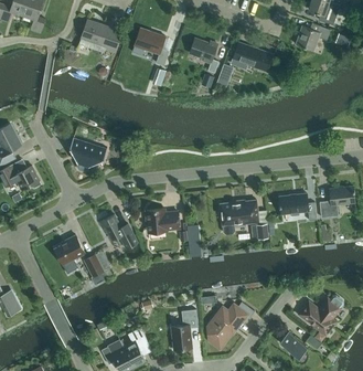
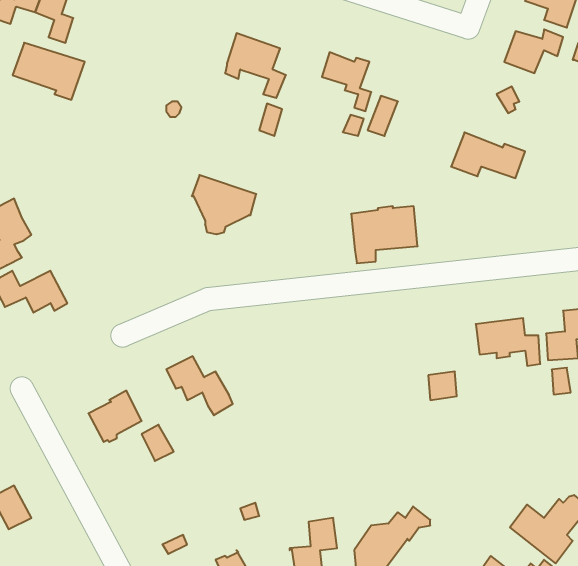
building: [79,19,121,52] -> [13,43,85,100]
building: [229,43,273,70] -> [451,132,525,178]
building: [68,136,106,170] -> [192,175,256,234]
building: [220,199,258,232] -> [351,206,418,263]
building: [145,208,179,232] -> none

